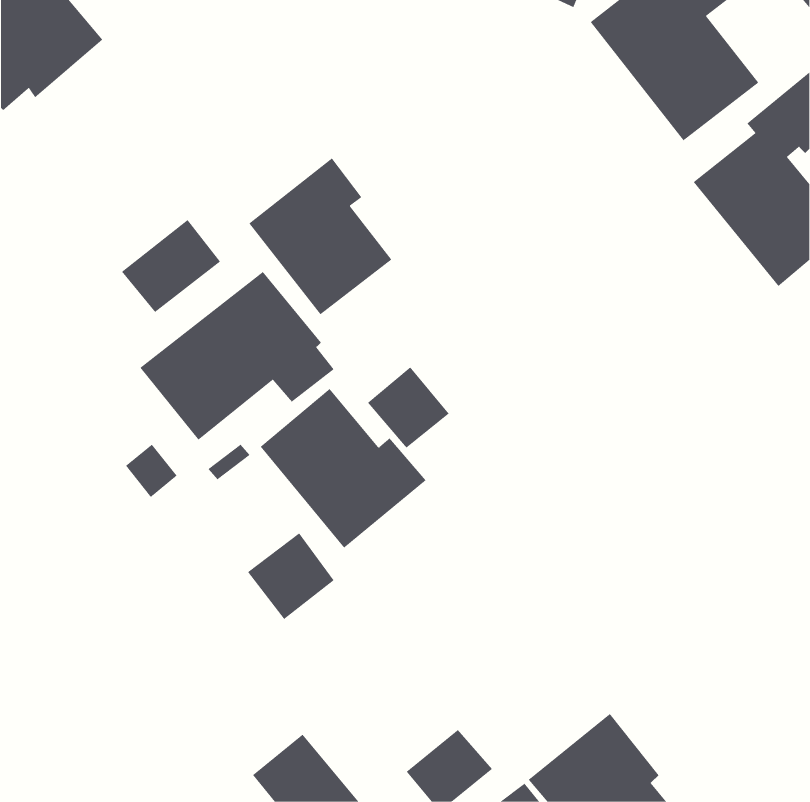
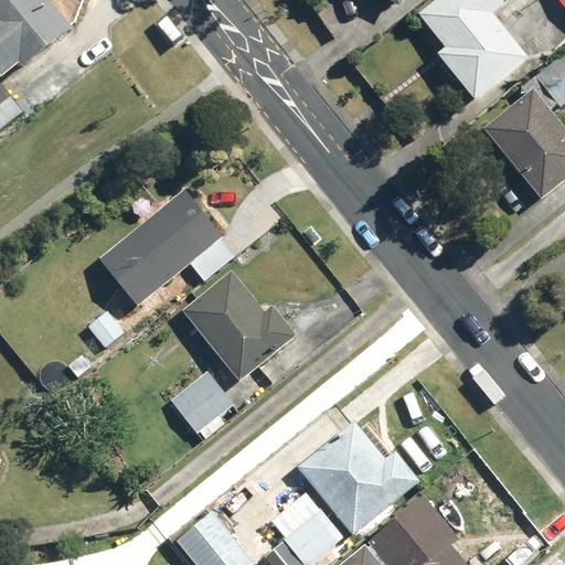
building: [248,158,392,315] -> none
building: [121,219,221,313] -> none
building: [367,366,449,448] -> none
building: none -> [295,420,418,535]

